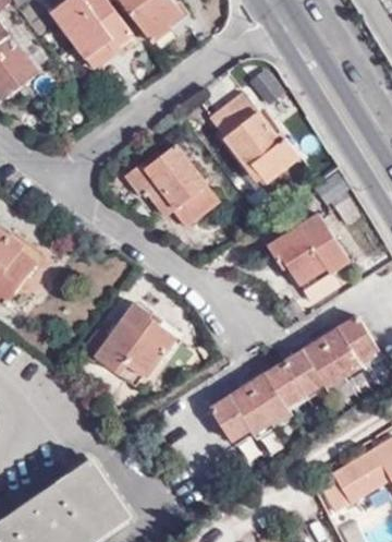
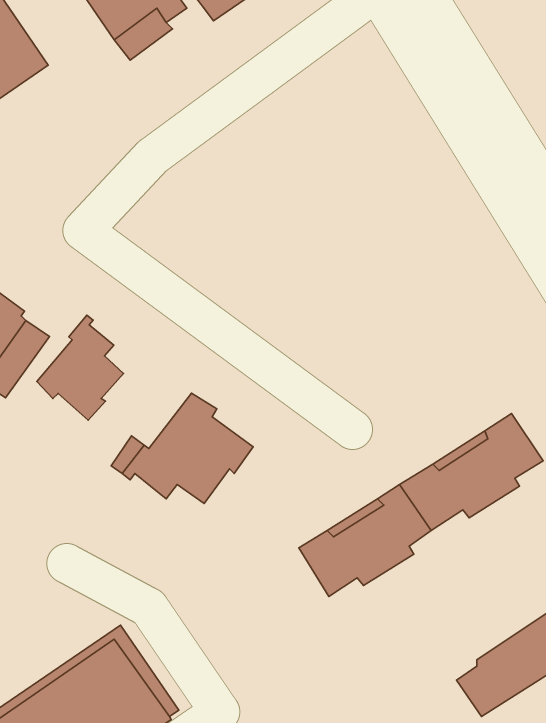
building: [210,94,301,182] -> none
building: [126,145,218,226] -> none
building: [268,212,350,284] -> none
building: none -> [37,315,124,420]

